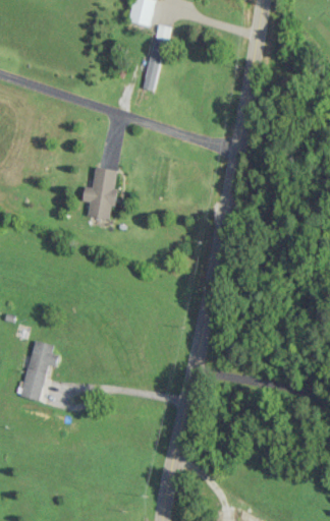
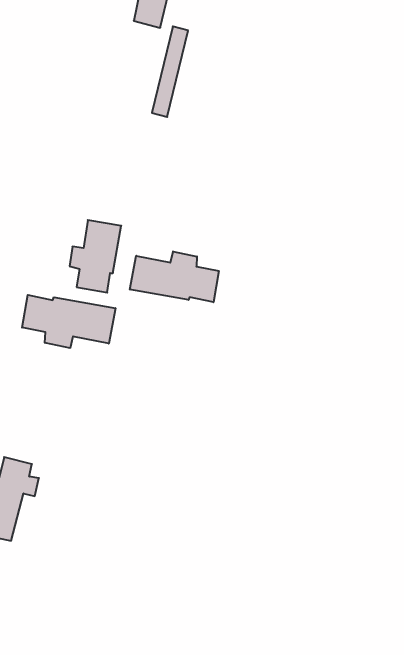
building: none -> [130,251,219,302]
building: none -> [22,295,115,348]

